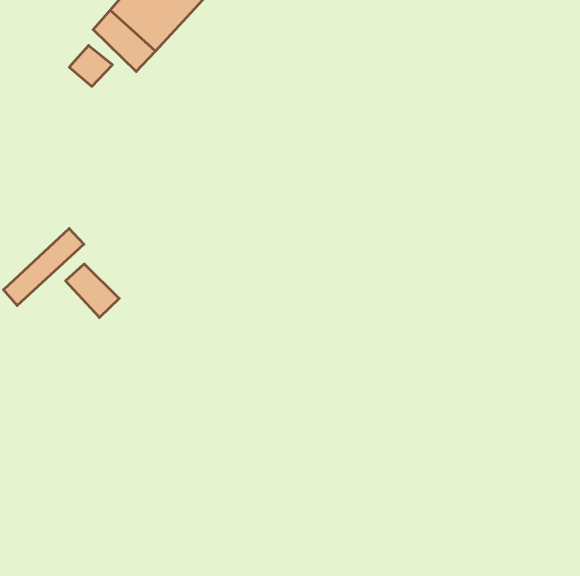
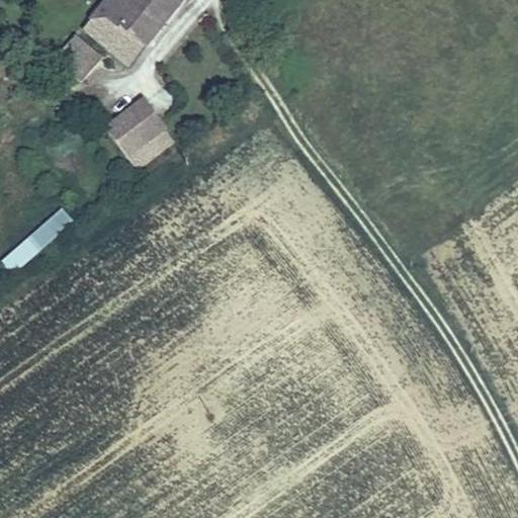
building: none -> [112,106,176,168]
building: [66,264,119,318] -> none

